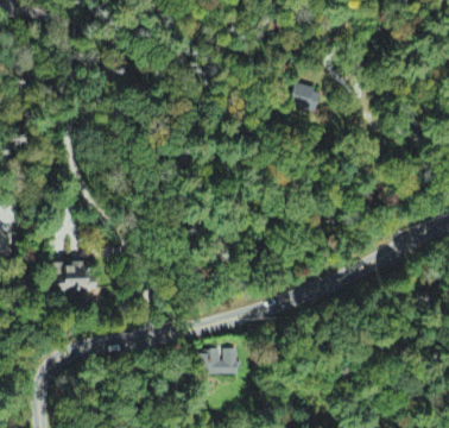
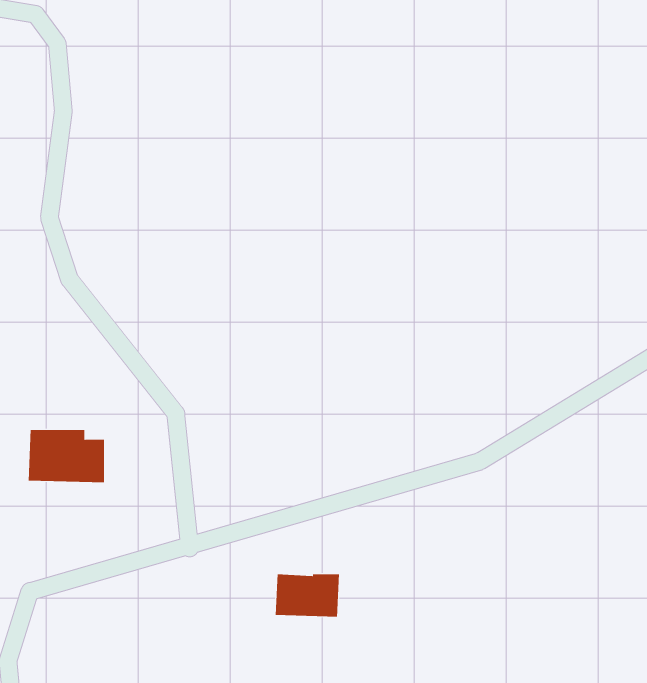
building: [289,82,323,112] -> none

